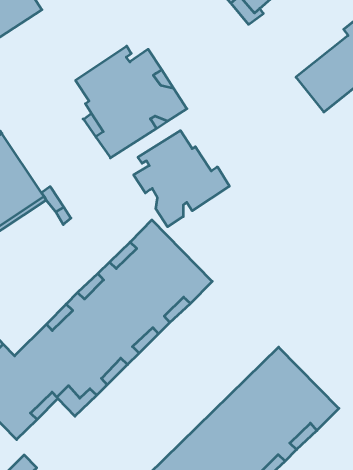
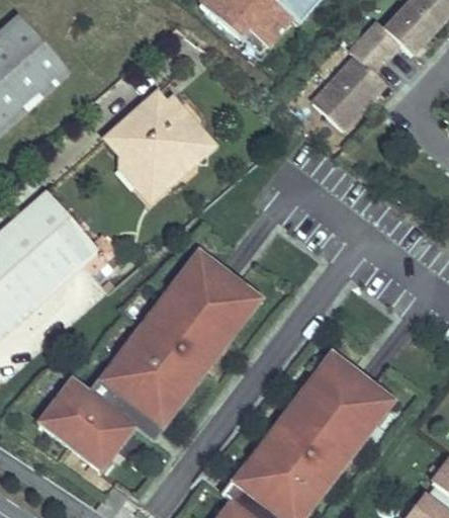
building: [134,131,229,227] -> none

